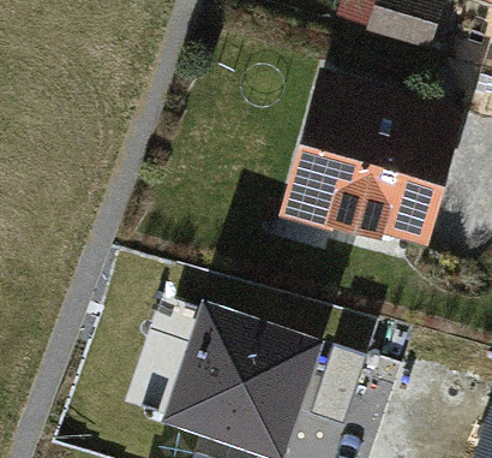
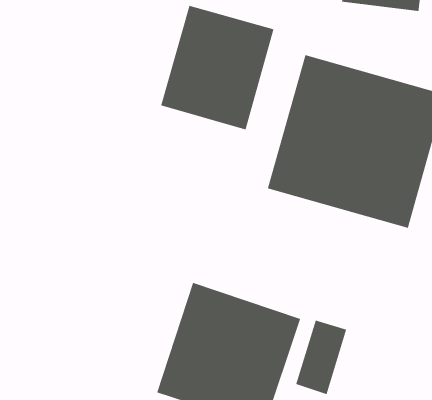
building: none -> [160,5,274,130]

